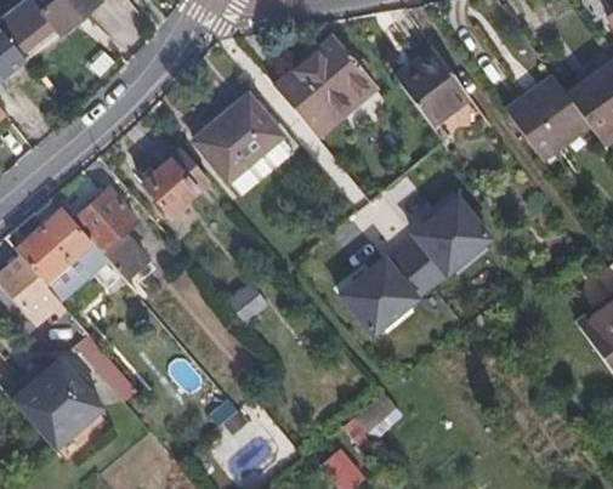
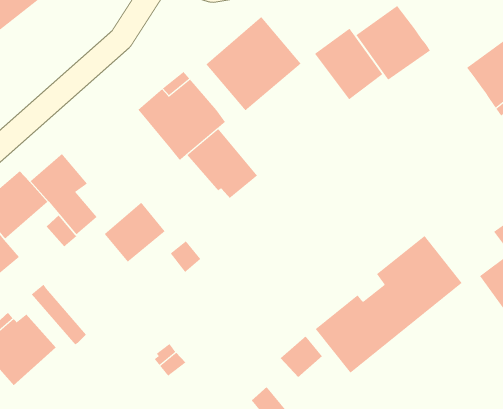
building: [505,75,590,160] -> [355,5,431,81]
building: [141,147,210,215] -> [104,202,165,262]
building: none -> [186,128,258,199]
building: [336,188,503,343] -> [315,235,462,373]

